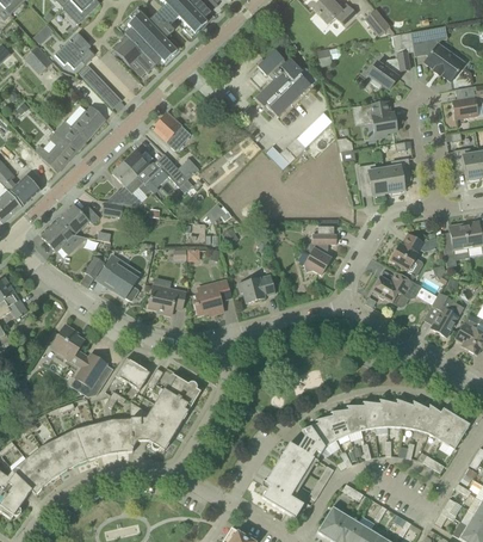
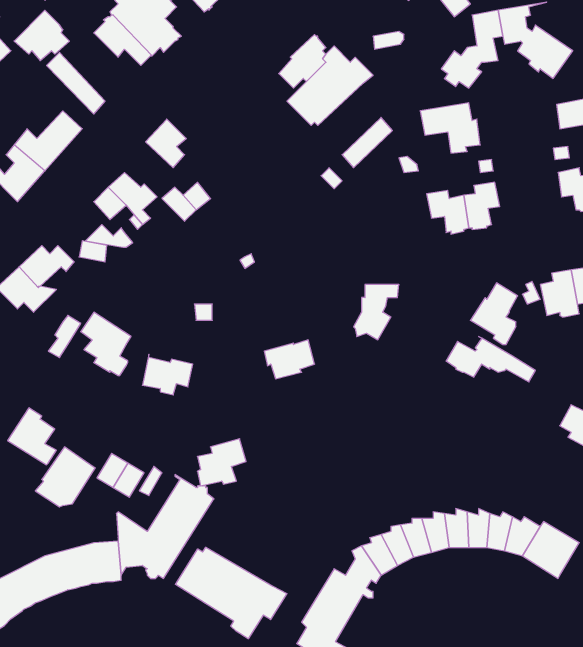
building: [194,279,230,314] -> [197,439,246,486]
building: [429,291,464,337] -> none
building: none -> [175,547,287,639]

